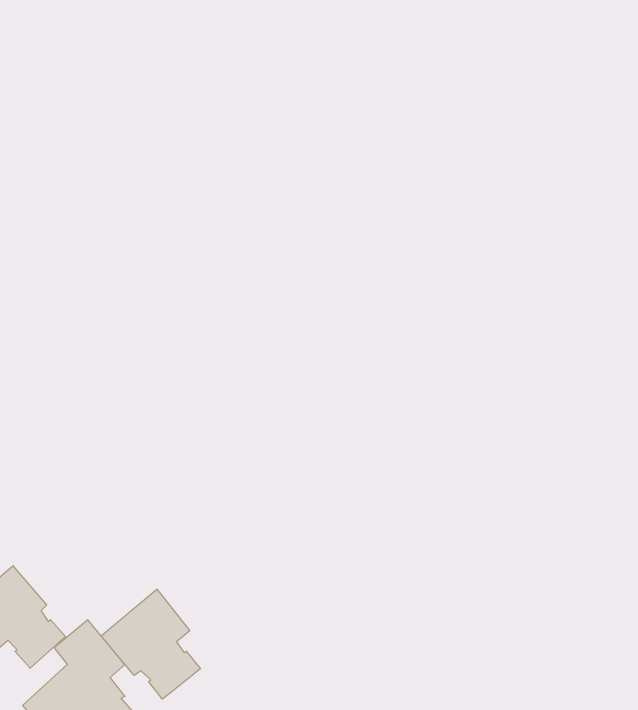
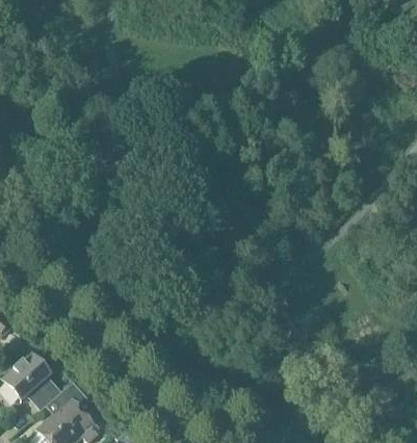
building: [101,589,200,699] -> none

